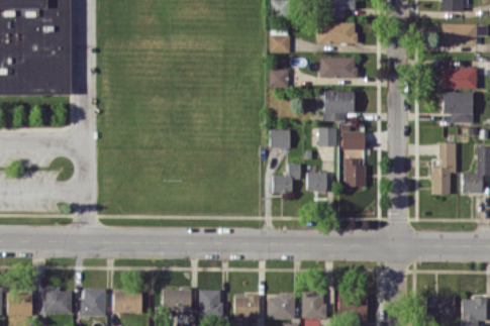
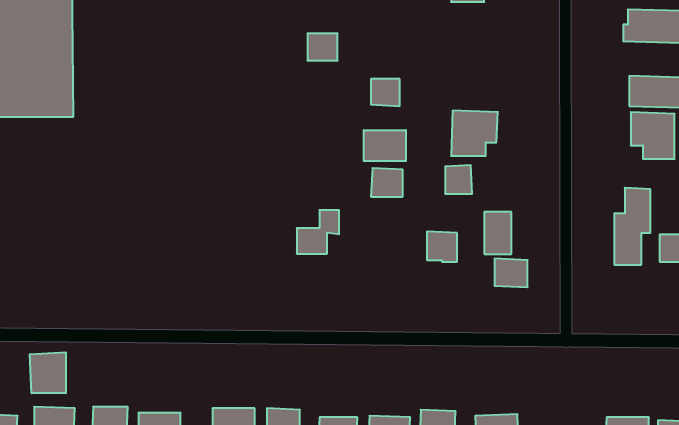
building: [317,22,356,43] -> none
building: [269,34,289,52] -> [307,33,338,61]
building: [320,58,356,78] -> none
building: none -> [364,130,406,161]
building: [341,131,364,150] -> [494,259,528,287]
building: [272,164,300,193] -> [297,210,339,254]
building: none -> [30,352,66,393]

